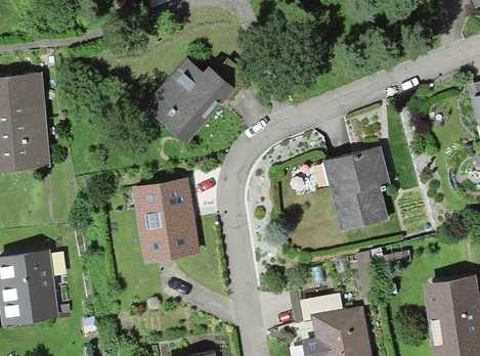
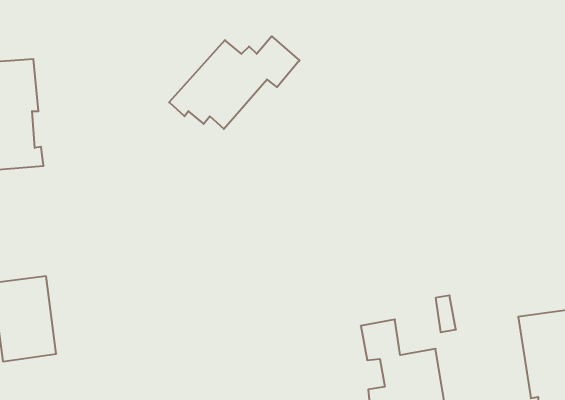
building: [333,147,386,231] -> none
building: [137,181,197,259] -> none

